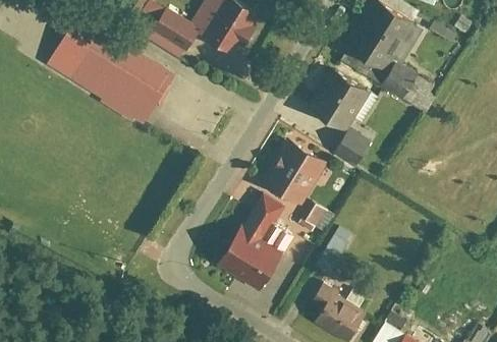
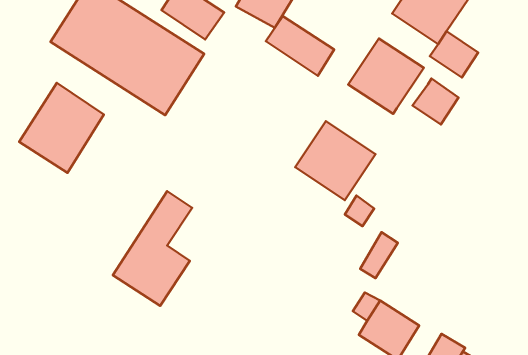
building: none -> [266,16,334,76]
building: none -> [19,83,104,173]
building: [330,124,370,164] -> [412,78,459,125]
building: [214,190,282,289] -> [113,191,192,306]

